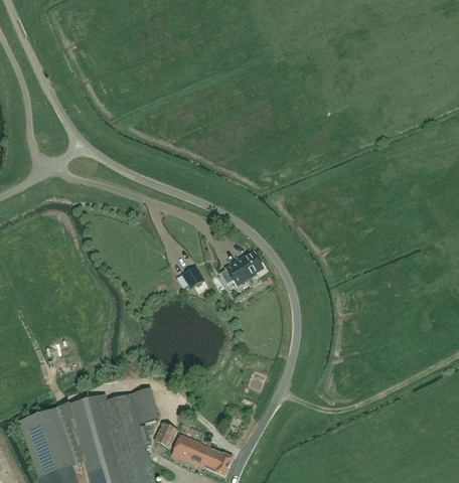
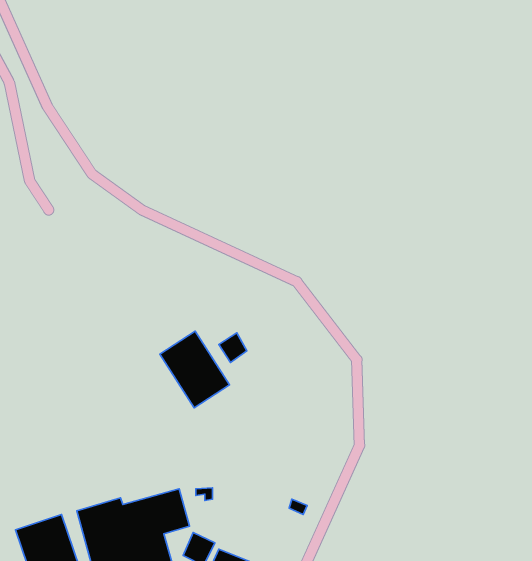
building: [222,251,263,286] -> none
building: none -> [160,331,229,408]

